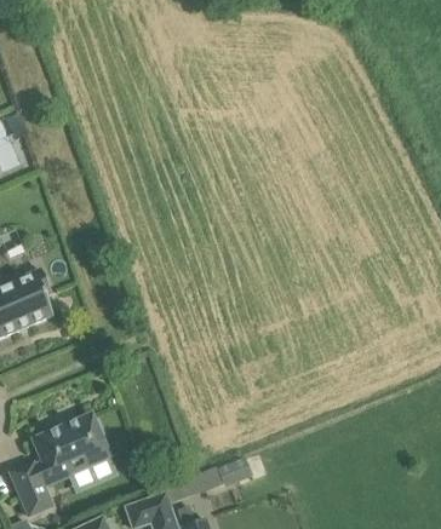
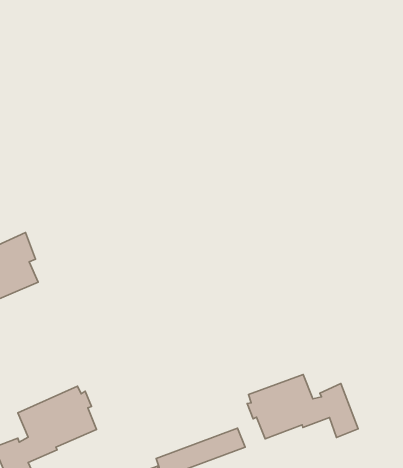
building: none -> [247,374,358,439]

